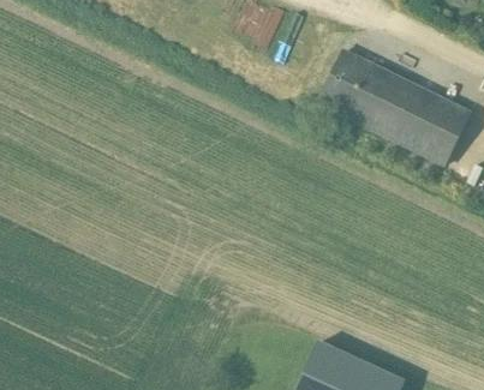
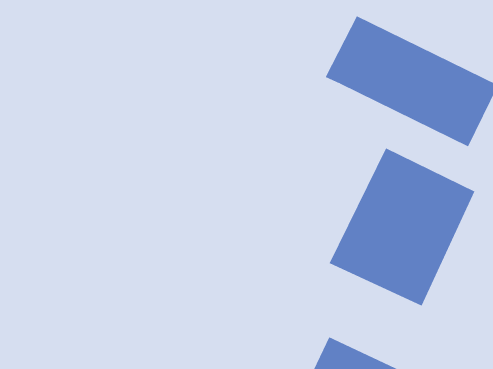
building: none -> [329,147,475,306]

